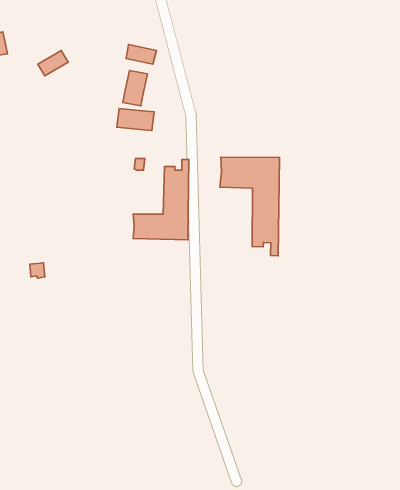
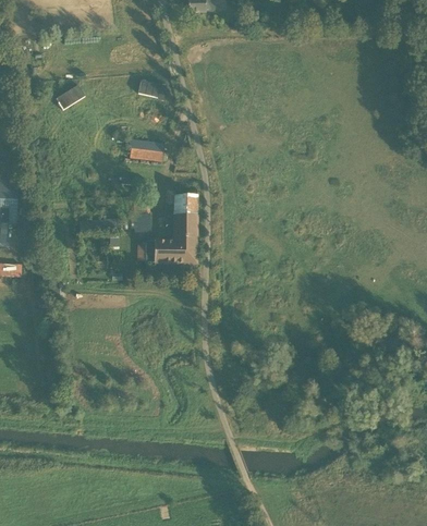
building: [123,70,147,106] -> none
building: [220,157,279,256] -> none

